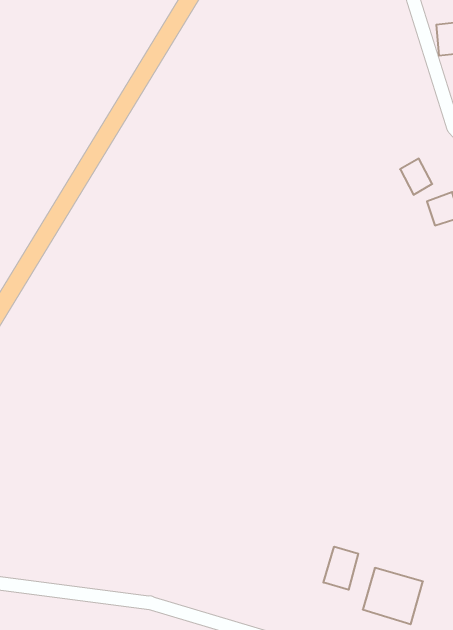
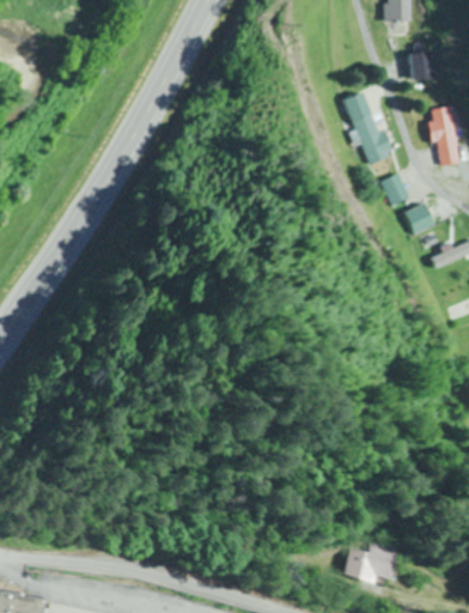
building: none -> [343,92,392,162]
building: [323,547,358,590] -> none

